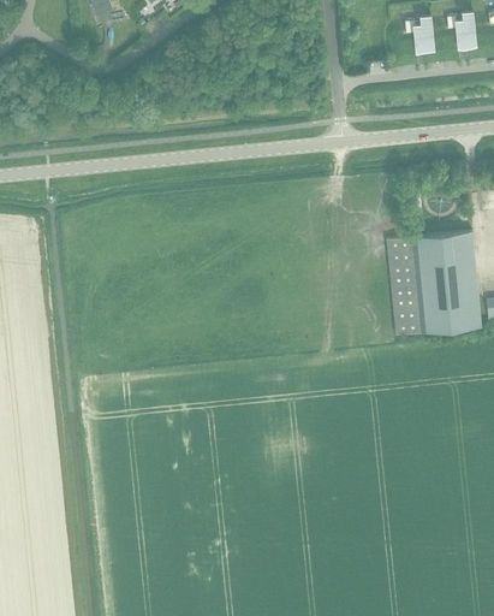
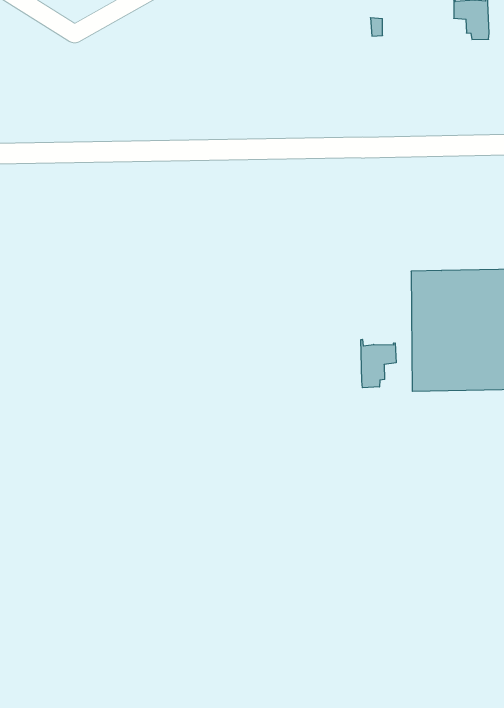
building: none -> [361,339,396,388]

